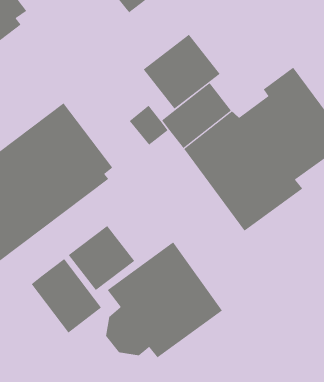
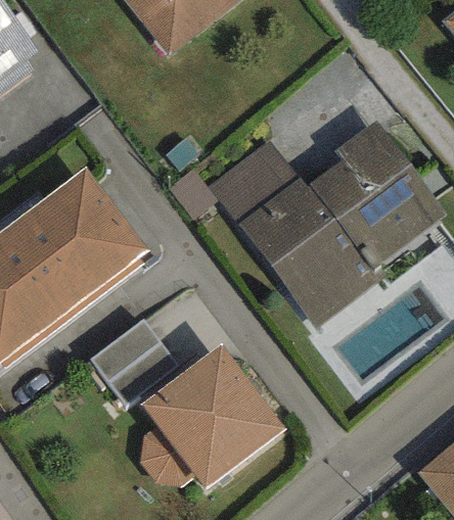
building: [143,34,221,109] -> none
building: [31,258,102,334] -> none

